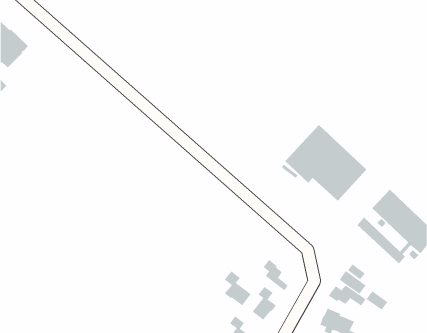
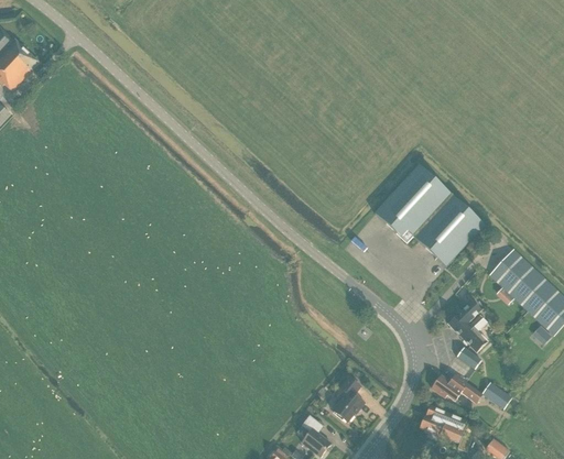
building: none -> [448,300,488,352]
building: [263,259,289,291] -> none
building: [224,271,252,306] -> none

